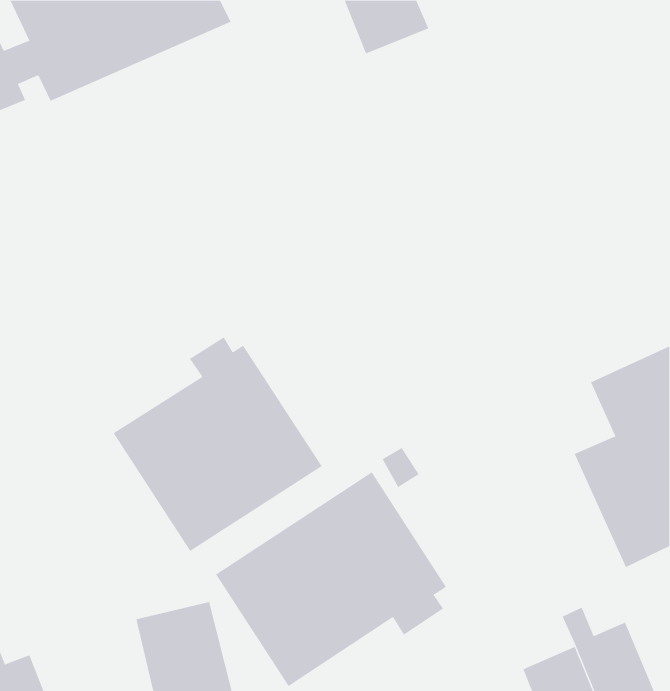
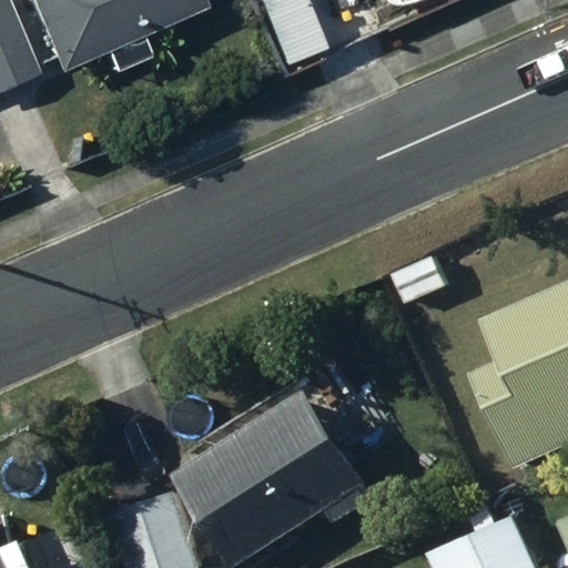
building: [113,337,323,552] -> none

